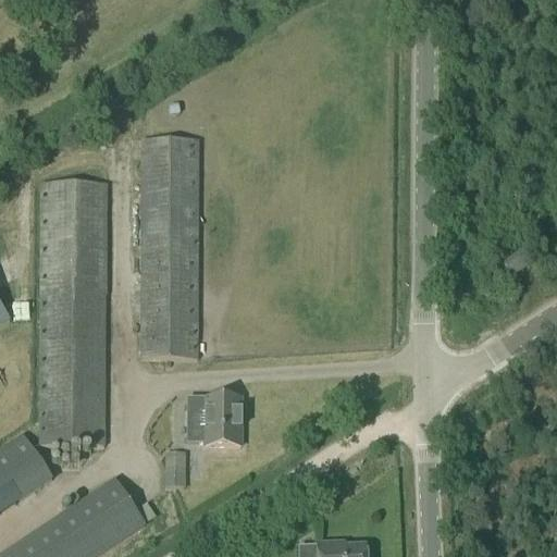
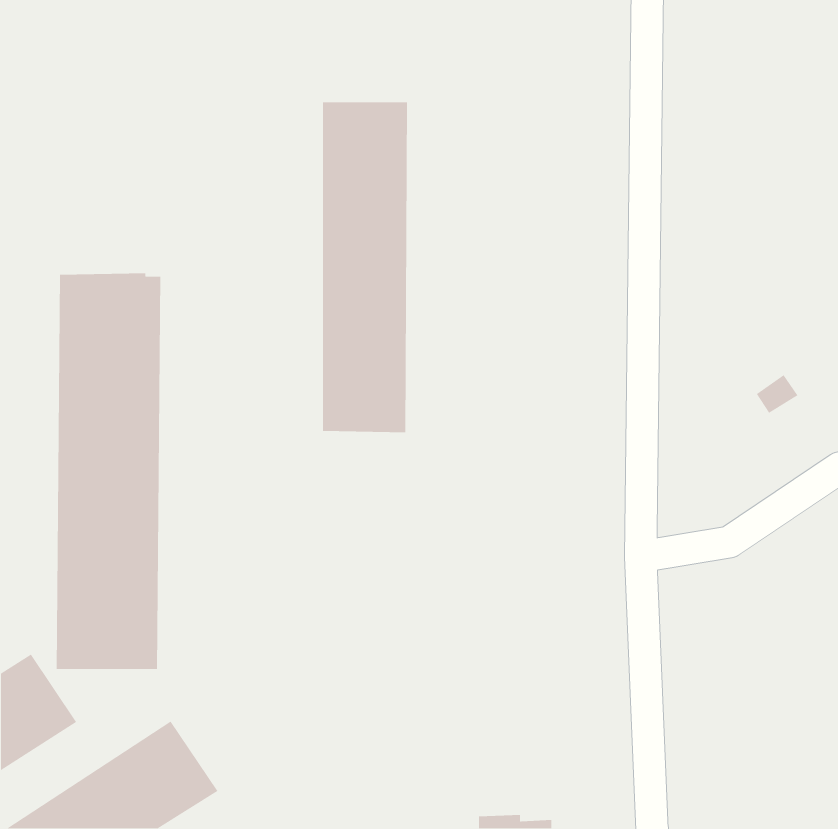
building: [141,138,198,358] -> [322,101,408,433]
building: [188,396,240,444] -> none
building: [164,450,186,485] -> none

